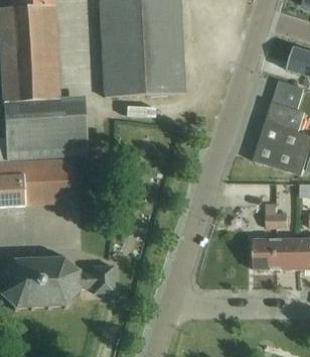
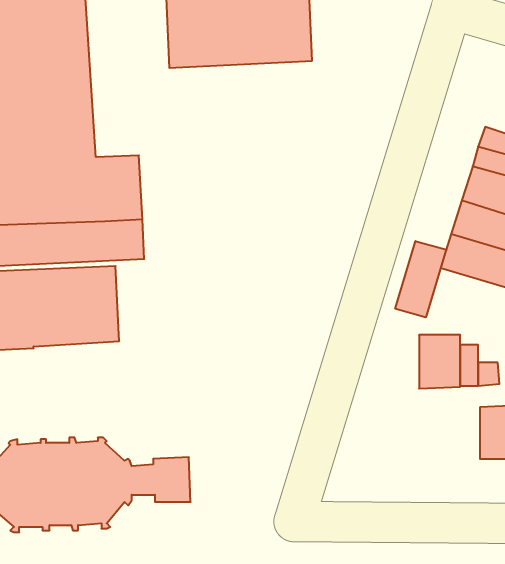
building: [101,43,183,96] -> none
building: none -> [395,241,446,317]
building: [253,239,276,269] -> [419,335,460,389]

